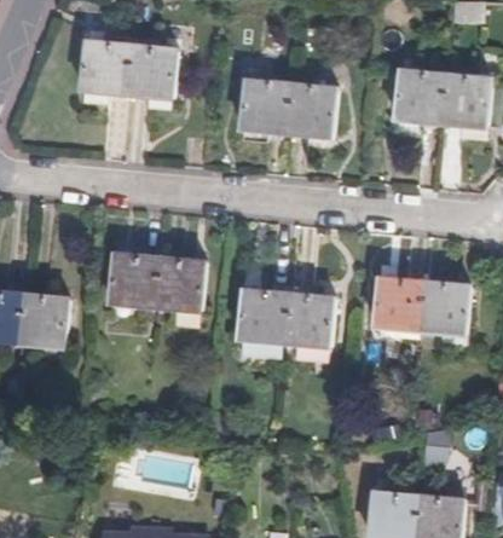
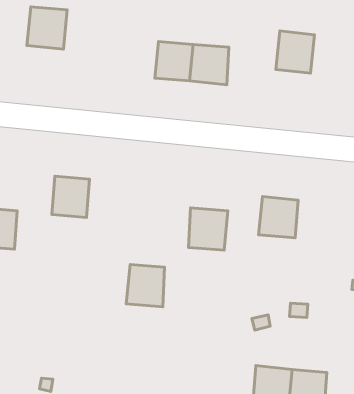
building: [128,44,178,97] -> none
building: [439,75,487,127] -> none
building: [157,256,208,310] -> none
building: [420,283,470,335] -> none
building: [239,289,288,342] -> [126,264,165,307]

